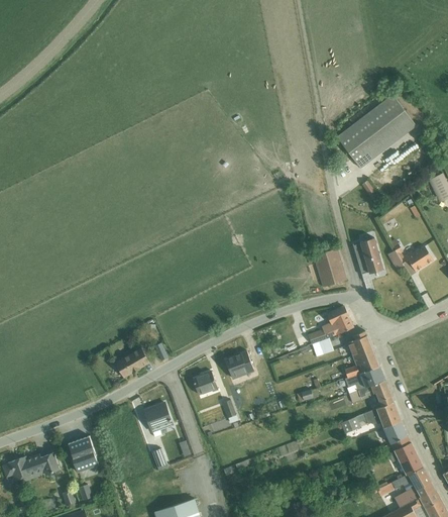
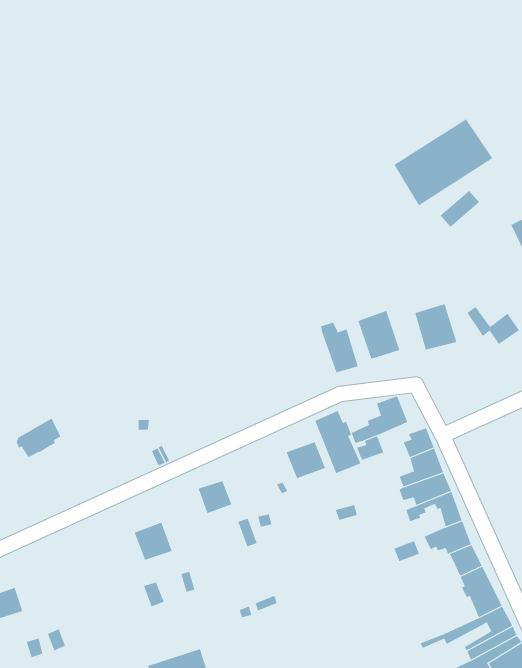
building: none -> [321,322,358,373]
building: none -> [314,410,361,474]
building: [114,347,148,378] -> [16,418,61,458]
building: [224,351,254,380] -> [286,442,326,479]
building: [67,436,99,472] -> none

